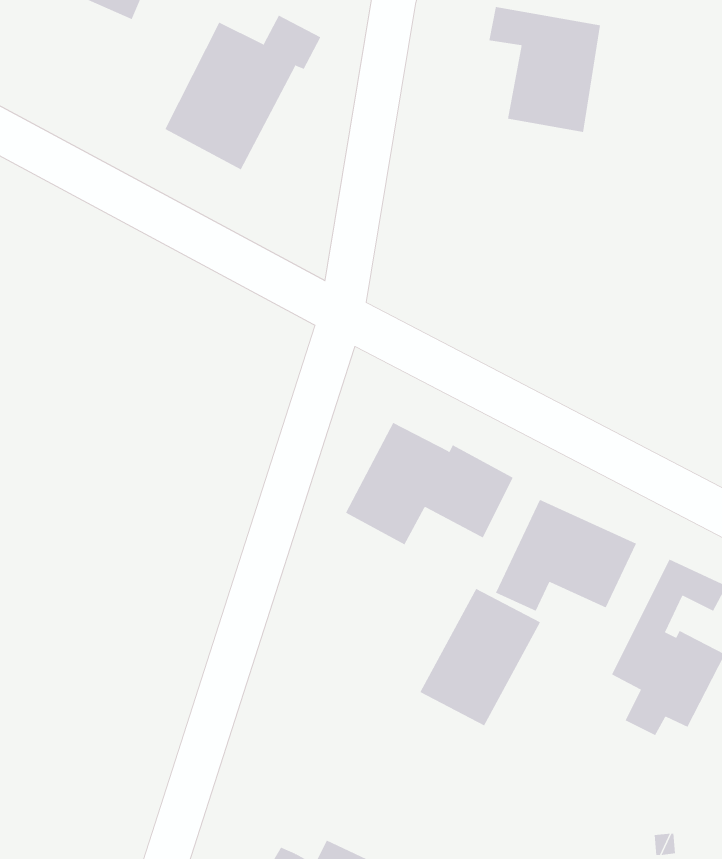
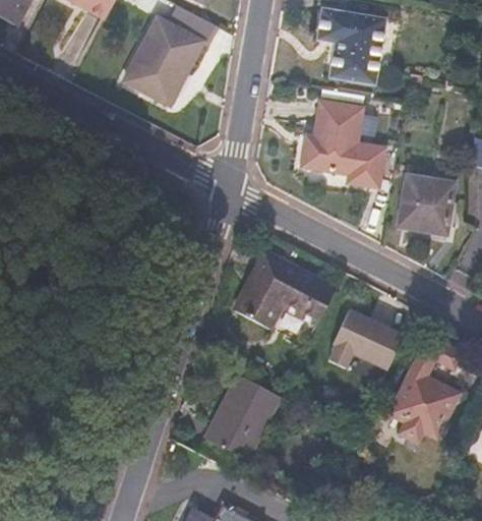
building: none -> [302,104,383,188]
building: none -> [398,176,453,233]
building: [420,588,541,726] -> [206,377,279,459]

